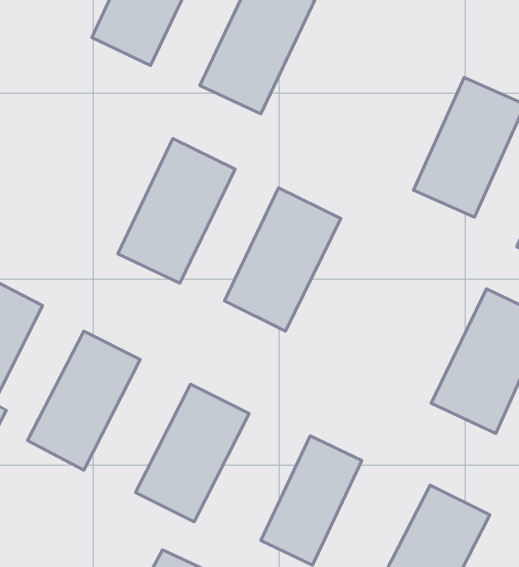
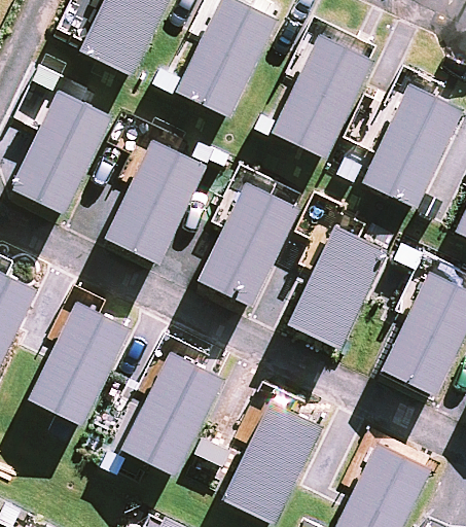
building: none -> [272,35,373,161]
building: none -> [6,76,121,216]
building: none -> [288,227,387,351]

